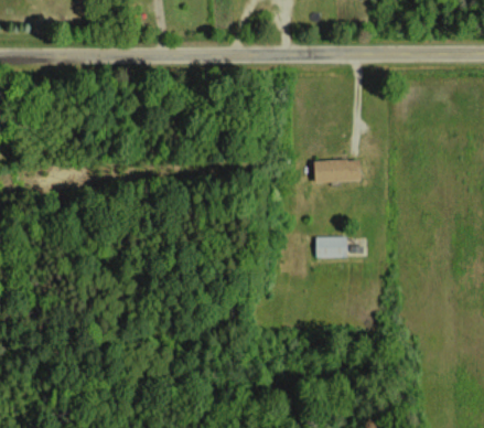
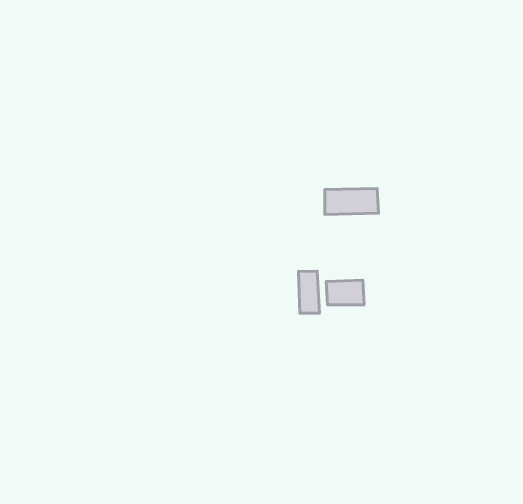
building: none -> [298,271,320,313]

